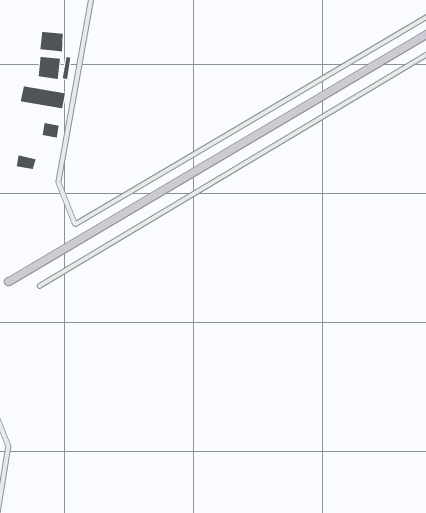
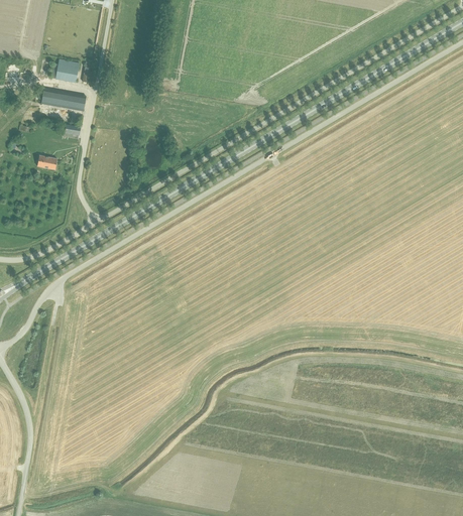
building: [40,31,63,52] -> none

